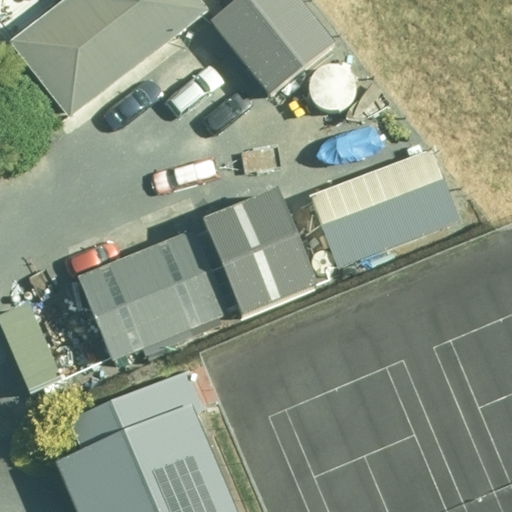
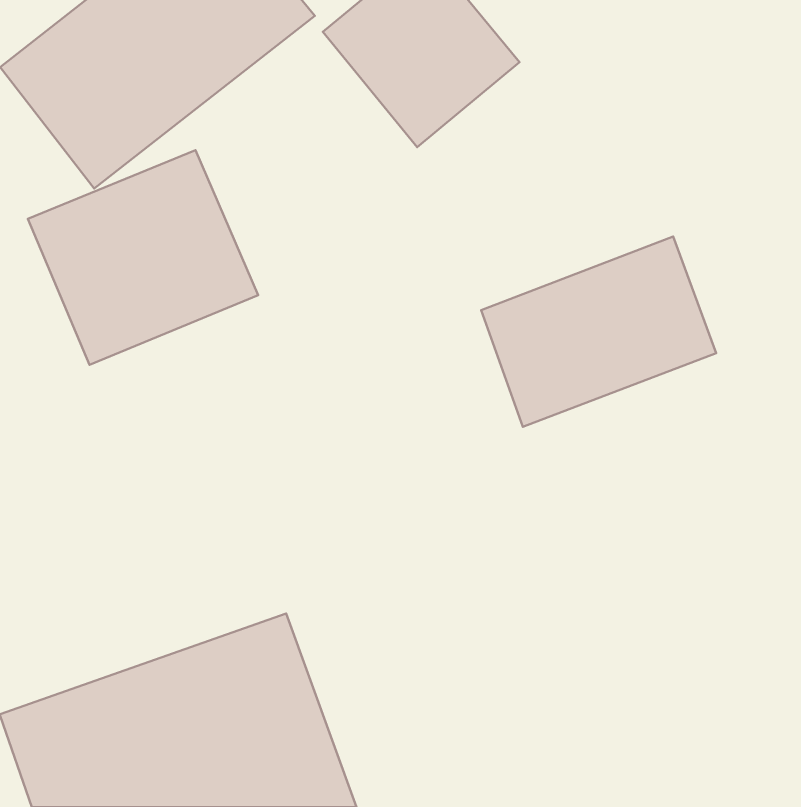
building: none -> [28,150,258,365]
building: [78,199,309,360] -> none

